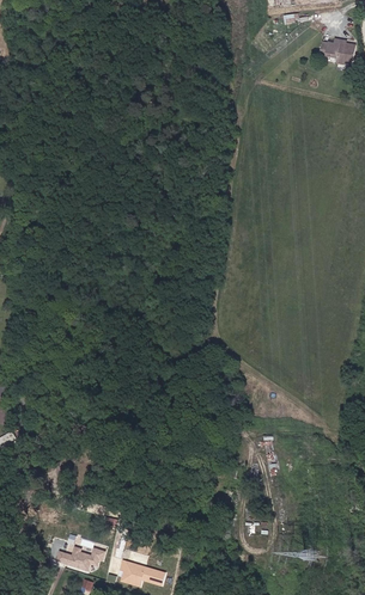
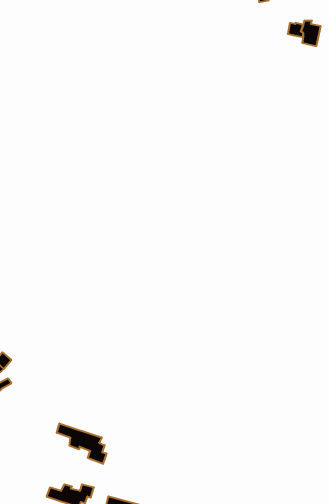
building: none -> [57,423,106,464]

